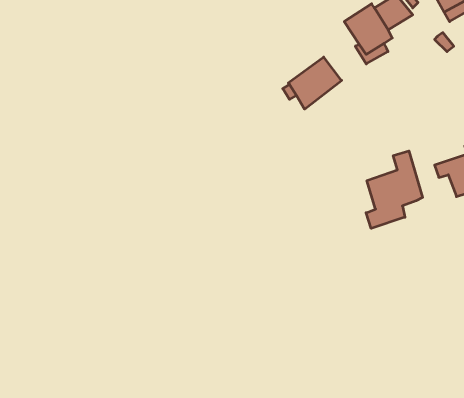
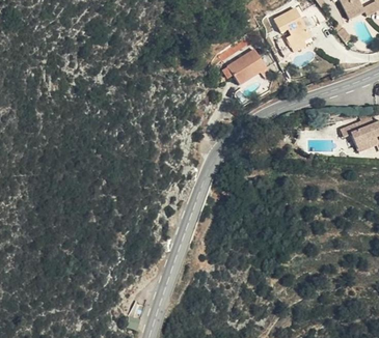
building: [366,151,423,228] -> none

